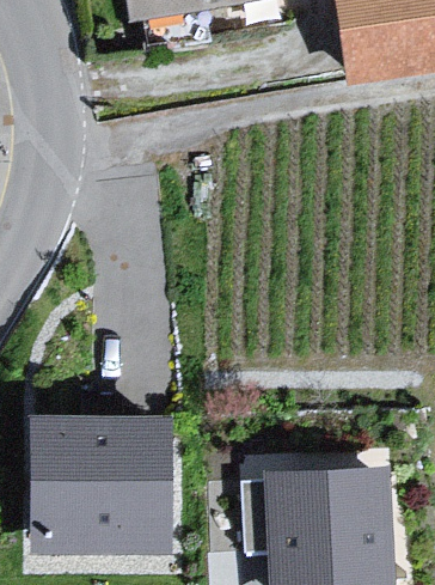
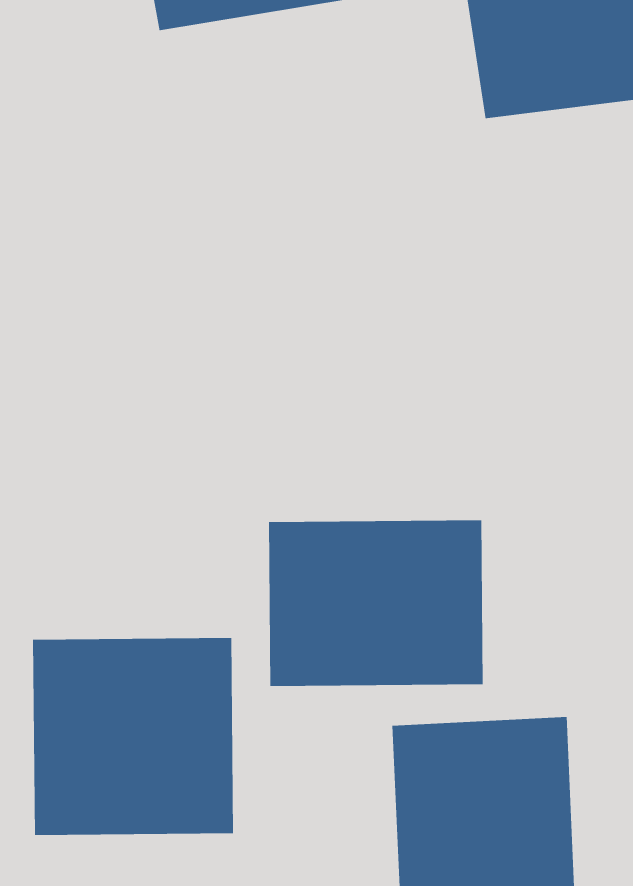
building: none -> [268,519,483,687]

